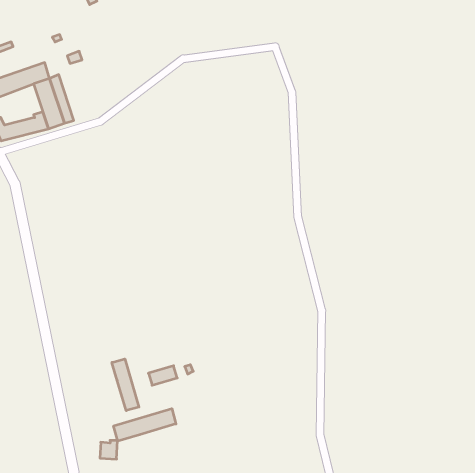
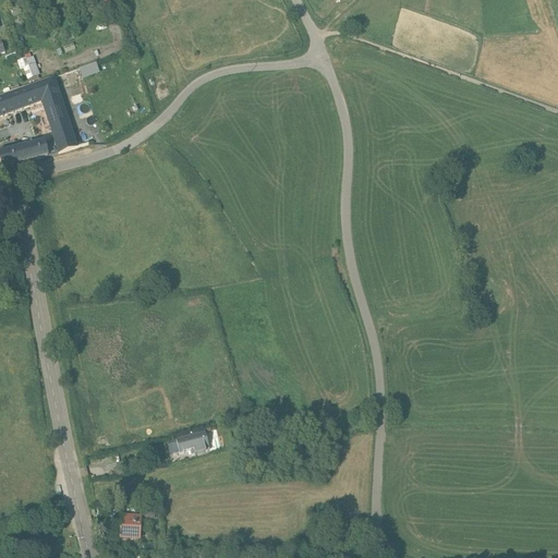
building: [112,359,139,411] -> none
building: [114,409,176,441] -> none

